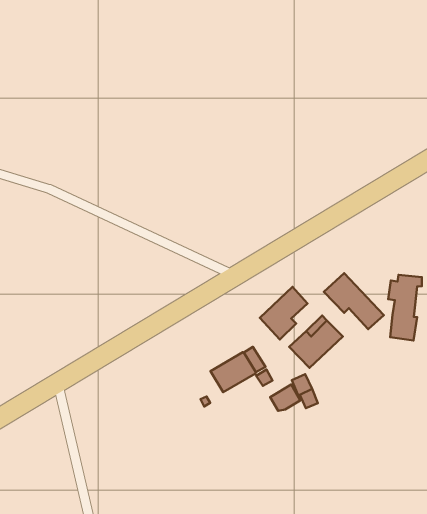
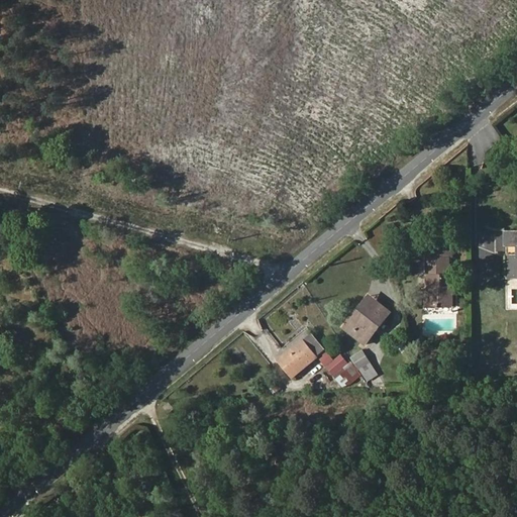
building: [324,273,384,329] -> none
building: [260,287,308,340] -> none

